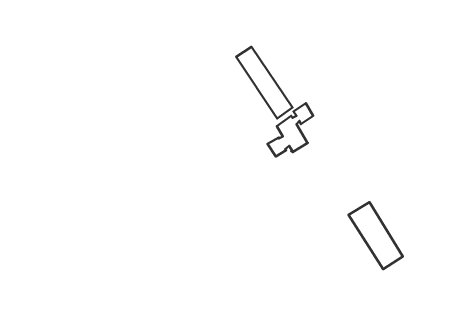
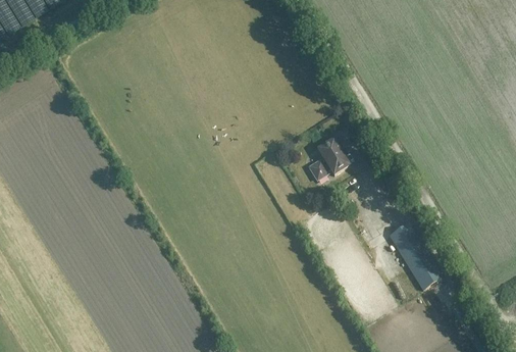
building: [236,47,293,119] -> none

